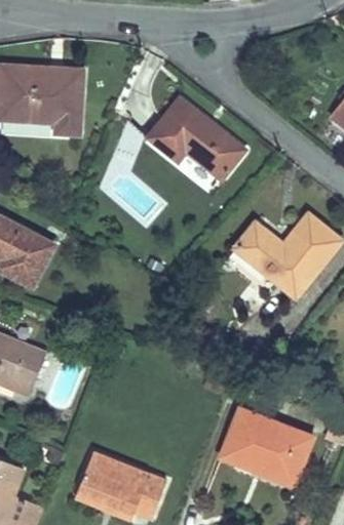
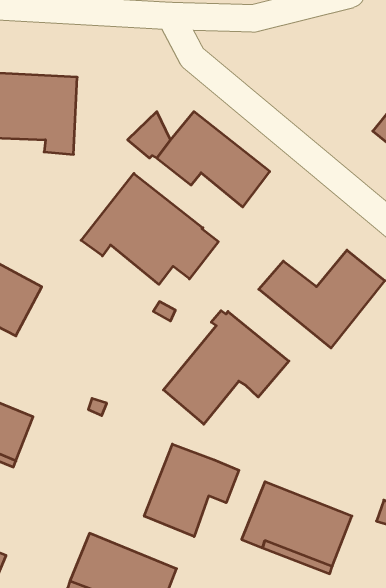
building: none -> [81,173,218,284]
building: none -> [163,311,289,424]
building: none -> [144,444,239,537]

